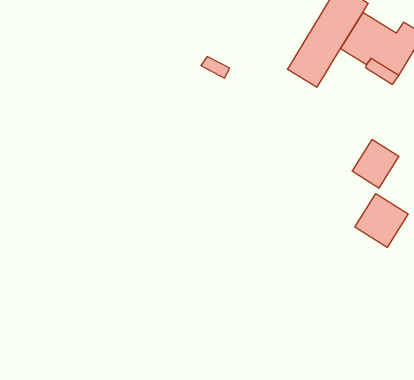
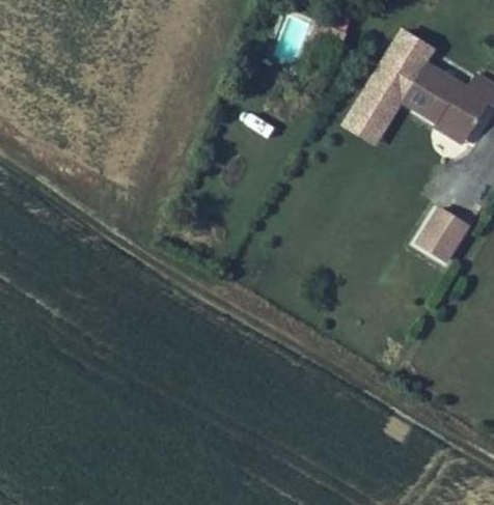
building: [355,194,408,247] -> none

